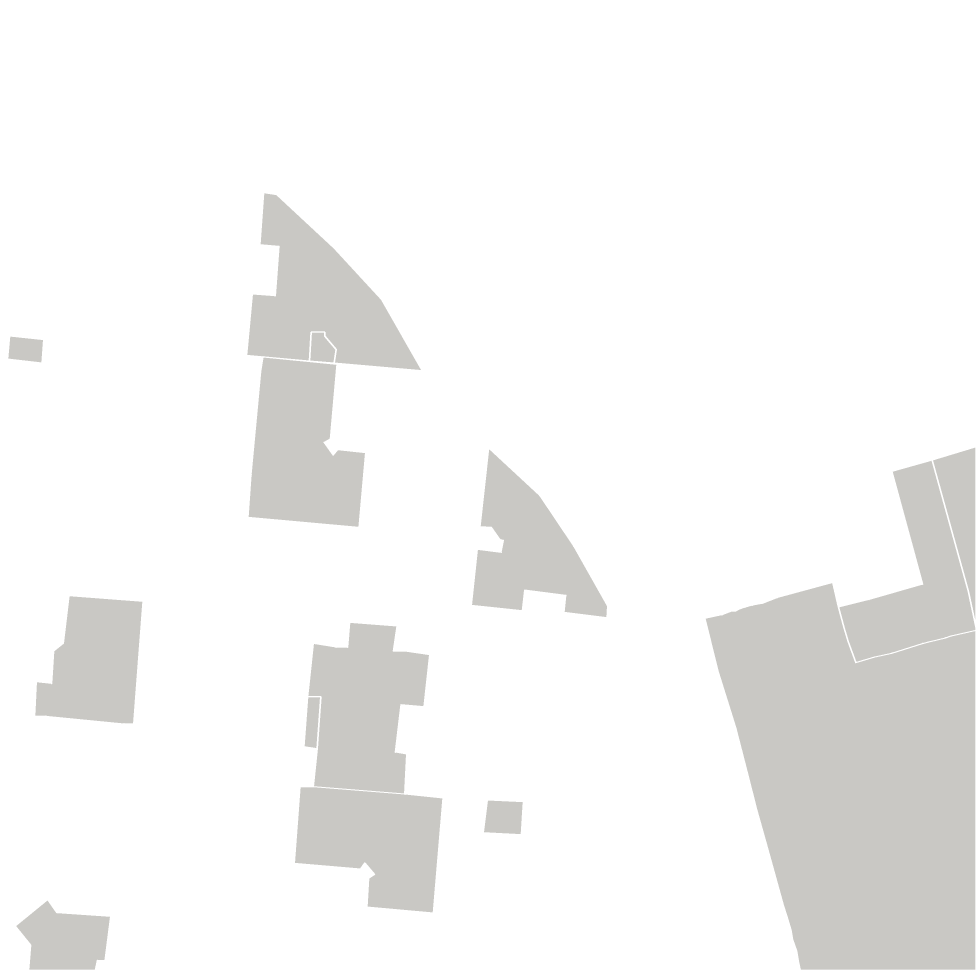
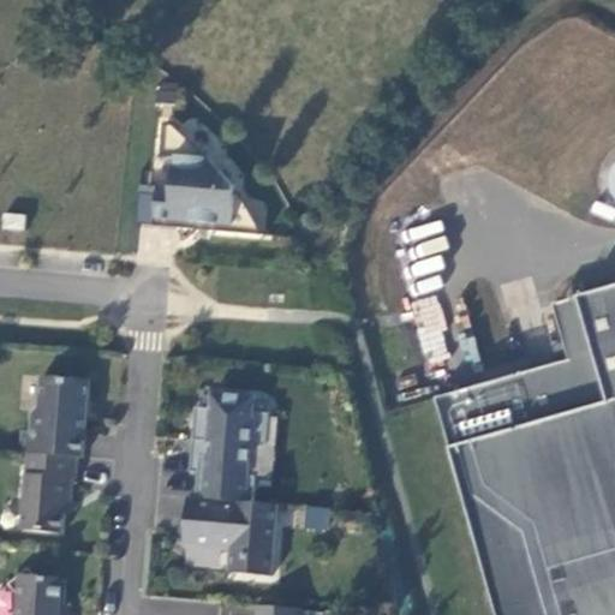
building: [248,357,366,528] -> none
building: [471,448,608,618] -> none
building: none -> [22,450,78,532]

